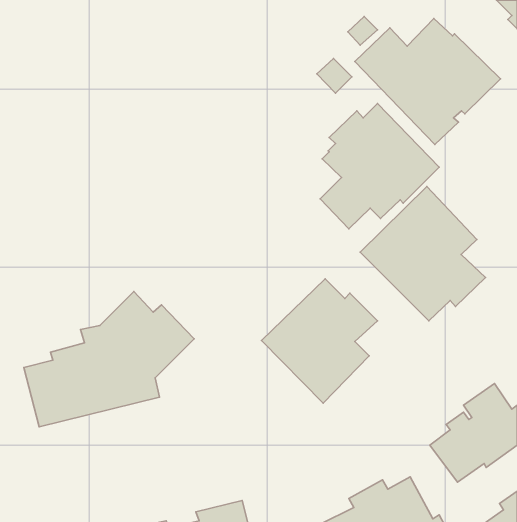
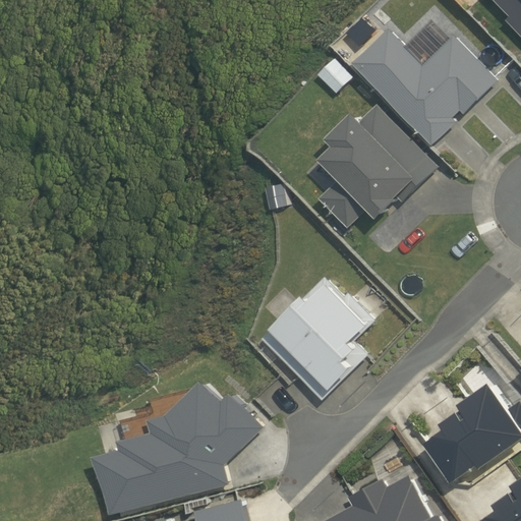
building: [360,187,486,321] -> none
building: [24,292,194,427] -> [93,380,262,514]

